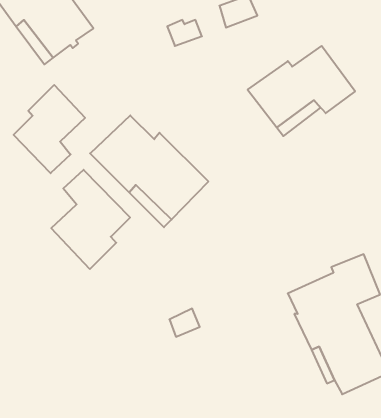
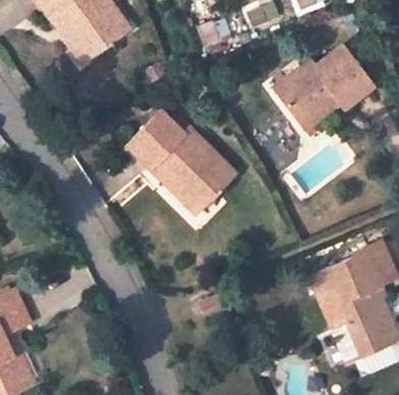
building: [14,85,85,173] -> none
building: [51,170,130,269] -> none

